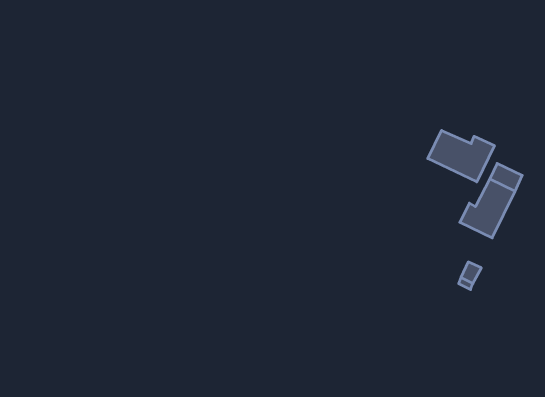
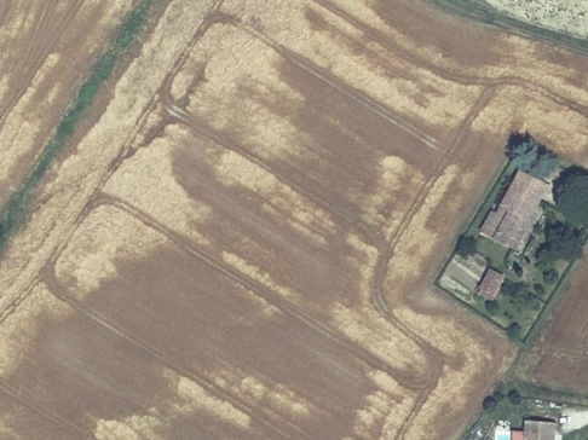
building: [428,130,494,182] -> none

